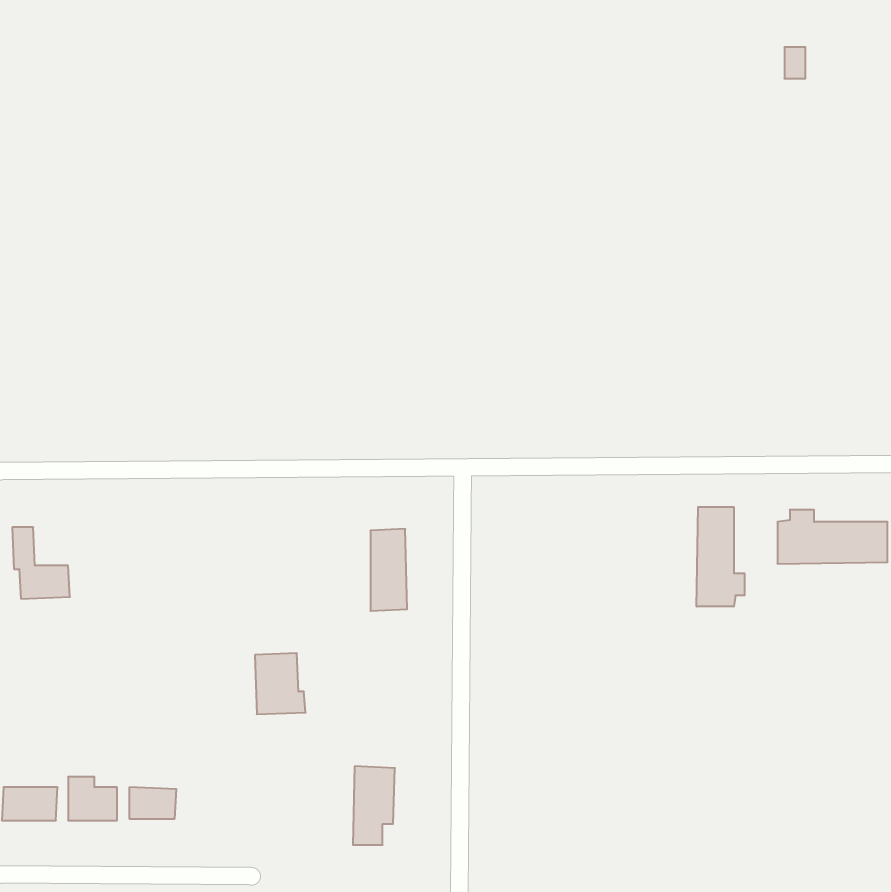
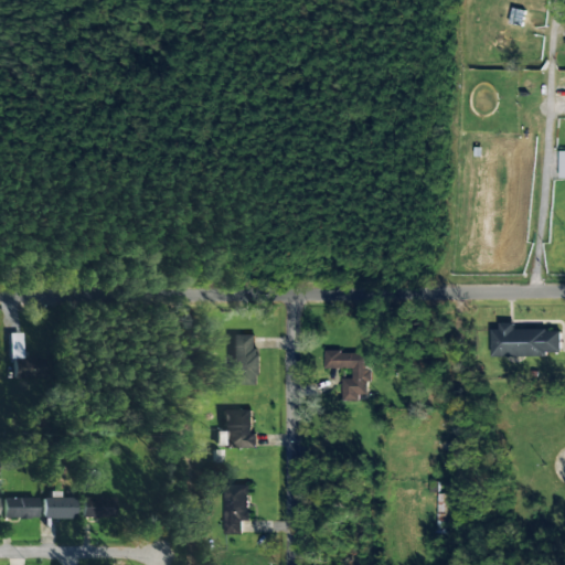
building: [697,507,745,607] -> none
building: none -> [326,352,371,401]
building: [255,653,306,714] -> [225,409,257,448]

